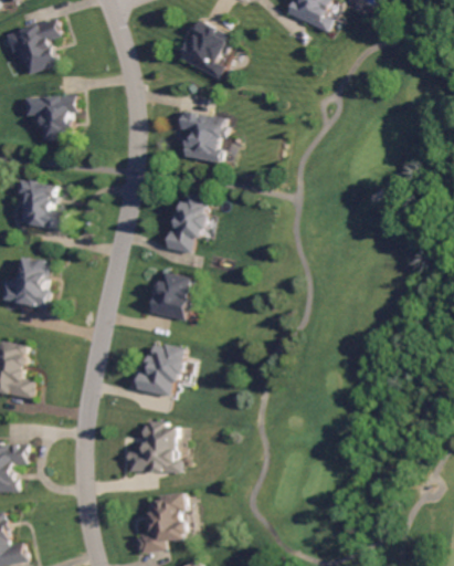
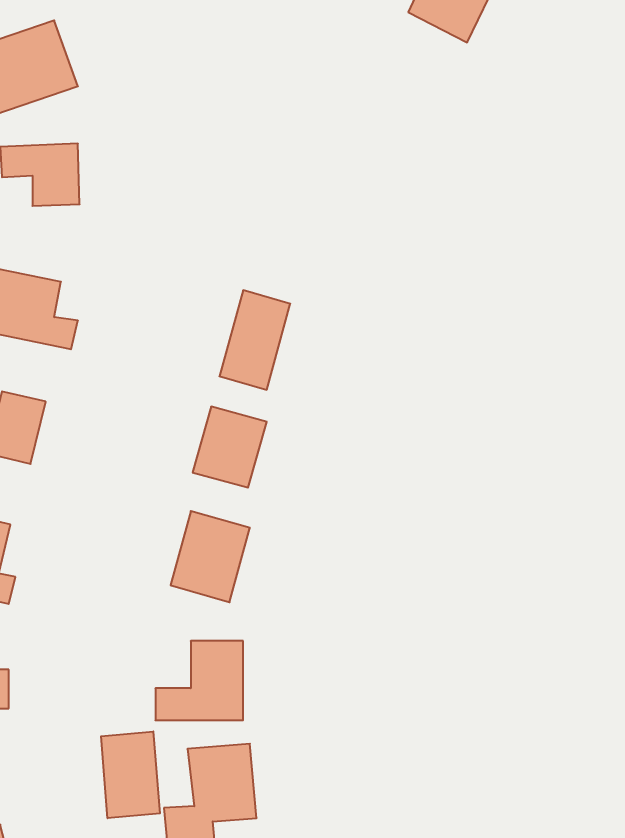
building: [175,19,237,80] -> none
building: [175,109,226,163] -> none
building: none -> [101,731,160,818]

